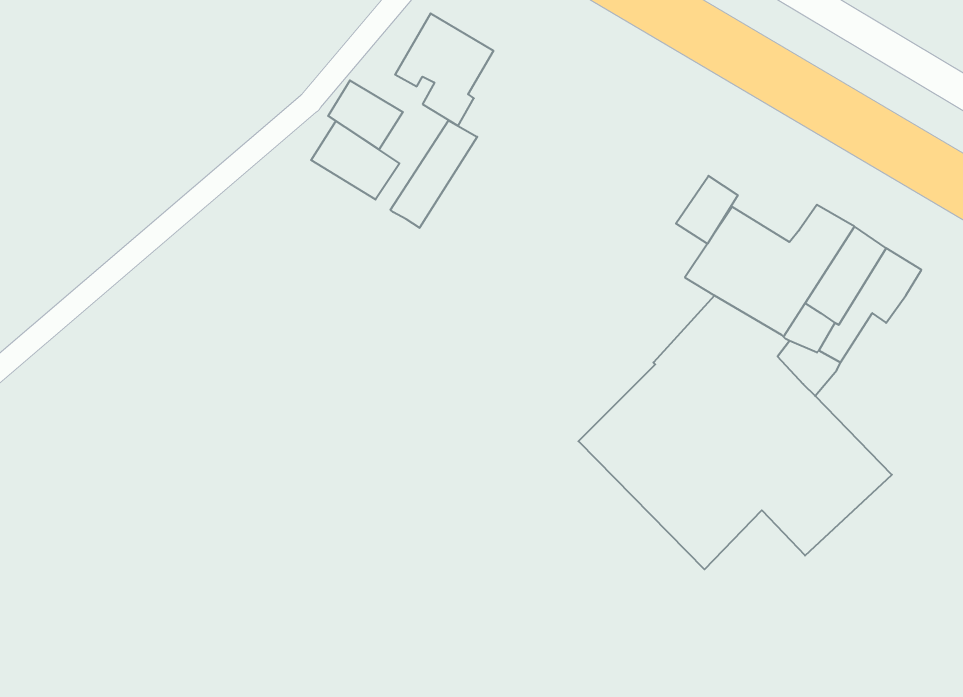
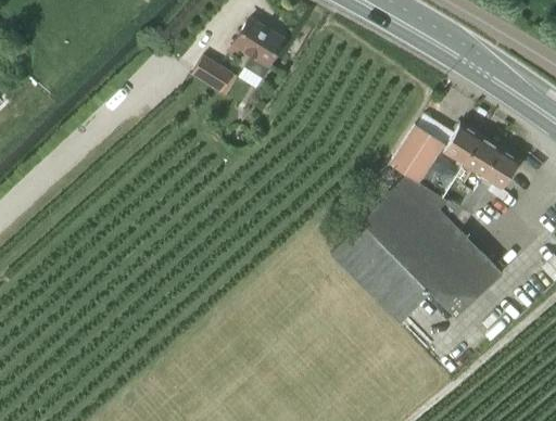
building: [390,120,477,228] -> none
building: [311,121,399,200] -> none
building: [676,176,738,244] -> none

